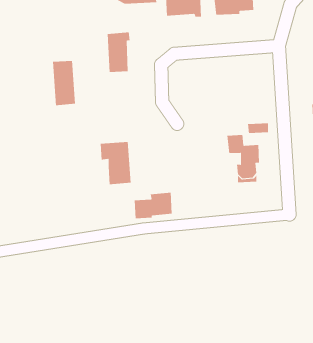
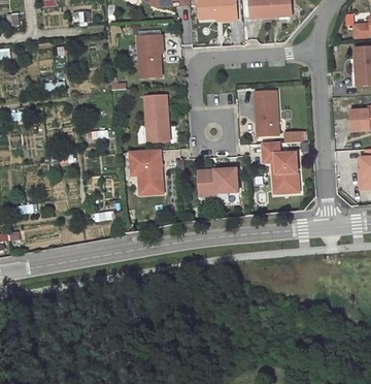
building: [52,60,76,106] -> [144,95,169,142]
building: none -> [255,91,277,136]
building: [134,192,172,219] -> [198,168,238,196]

